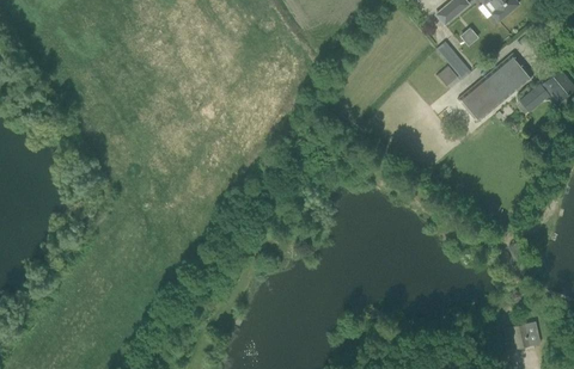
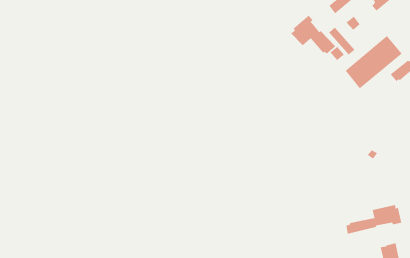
building: none -> [290,15,336,55]
building: none -> [346,204,402,234]

